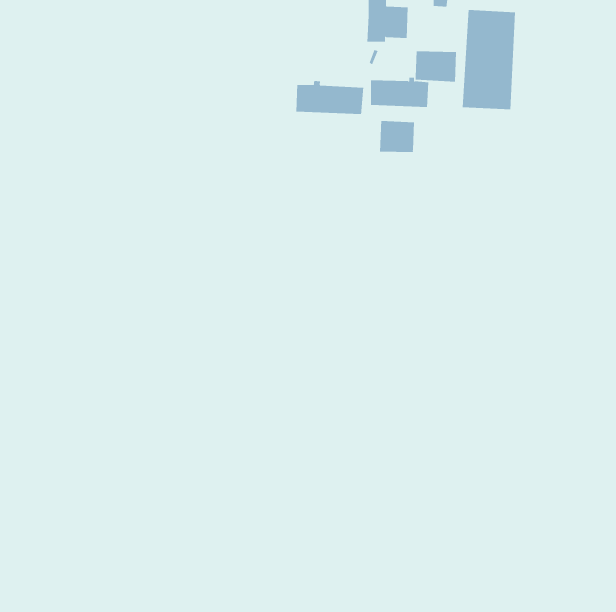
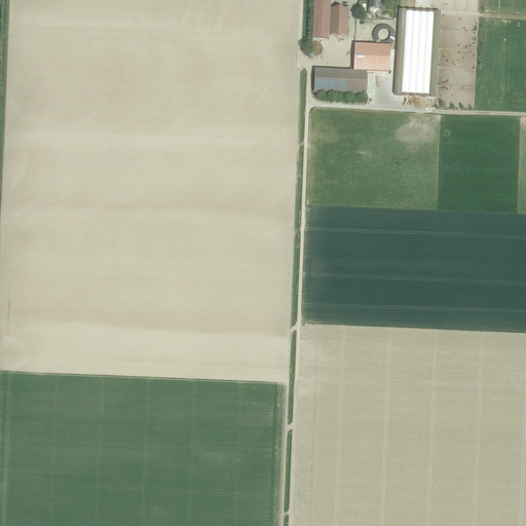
building: [296,80,364,115] -> none
building: [380,120,415,153] -> none

